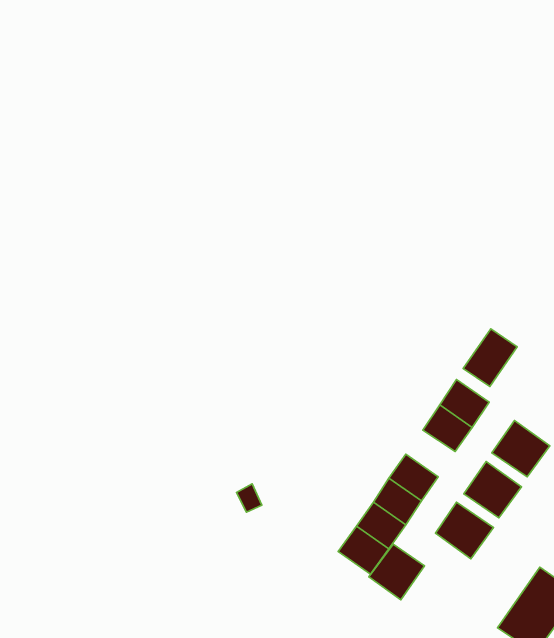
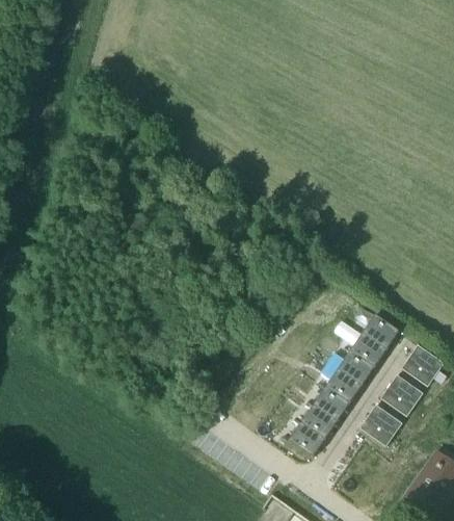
building: [463,329,517,387] -> none
building: none -> [338,350,374,385]
building: [369,544,424,600] -> none

